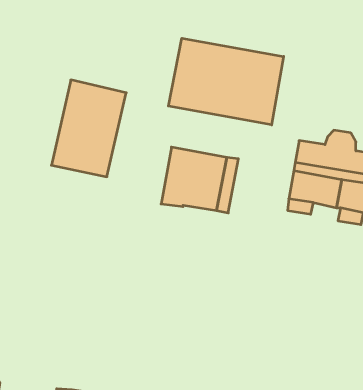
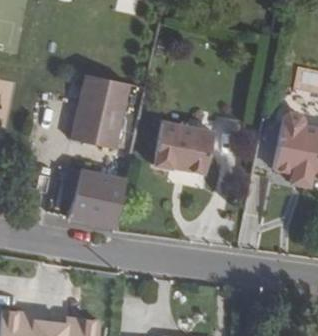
building: [168,38,284,125] -> none
building: none -> [69,171,124,225]

